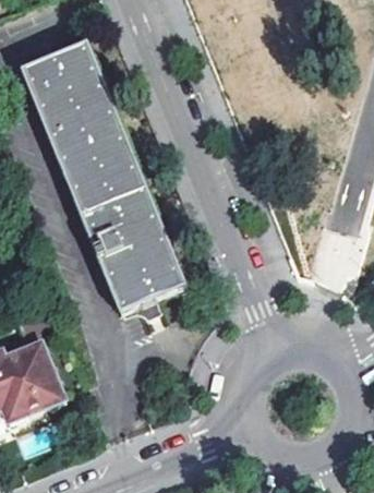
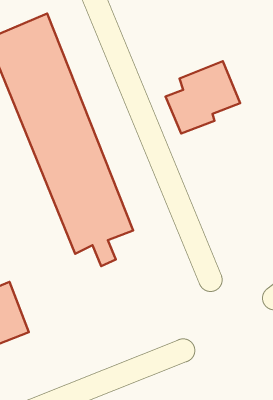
building: none -> [165,61,240,134]

